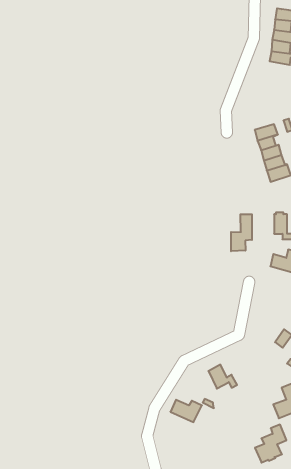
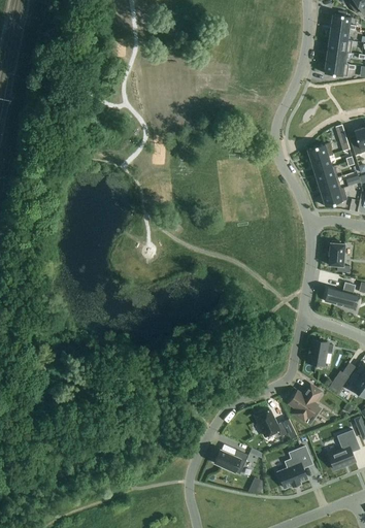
building: [231,214,252,251] -> none
building: none -> [308,340,333,366]
building: none -> [289,385,322,422]
building: [255,425,286,463] -> [277,447,312,489]

